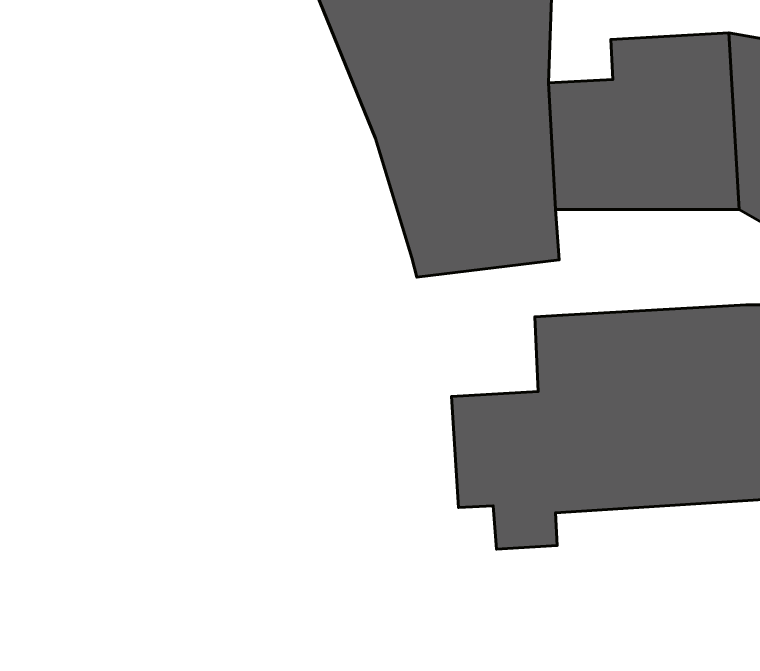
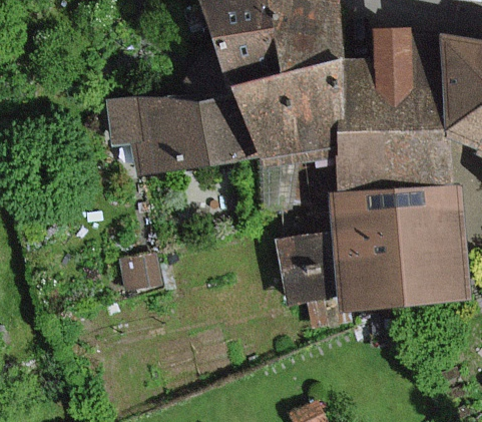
building: none -> [109,88,259,178]
building: none -> [342,129,452,190]

